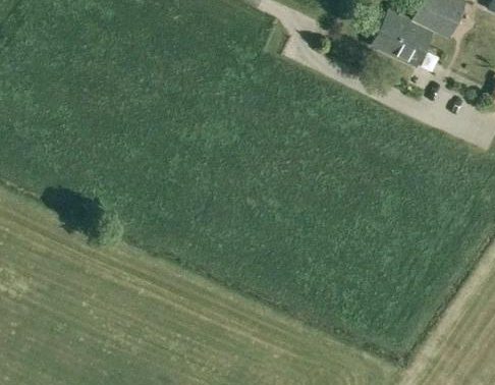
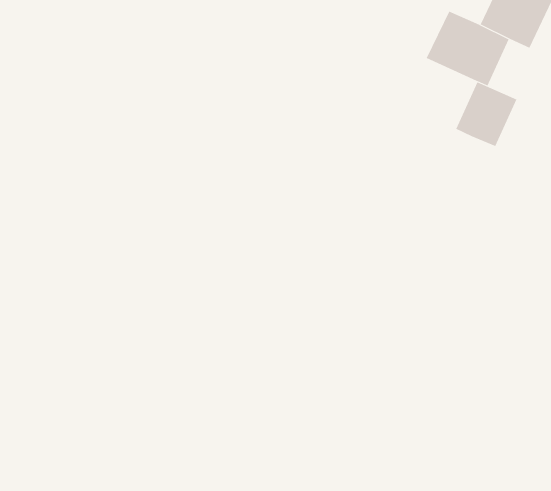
building: none -> [455,82,517,147]

